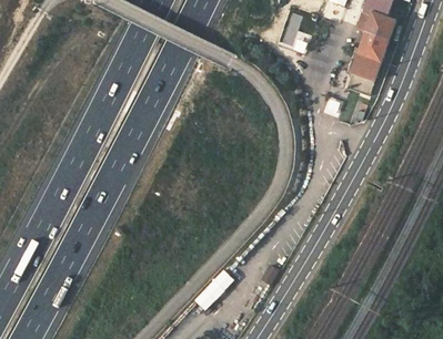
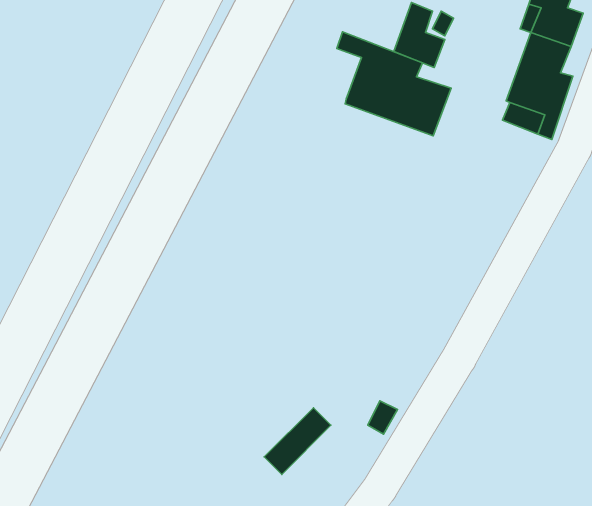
building: none -> [337,32,451,136]

